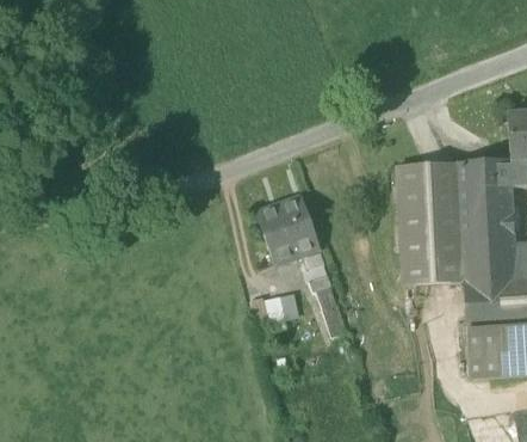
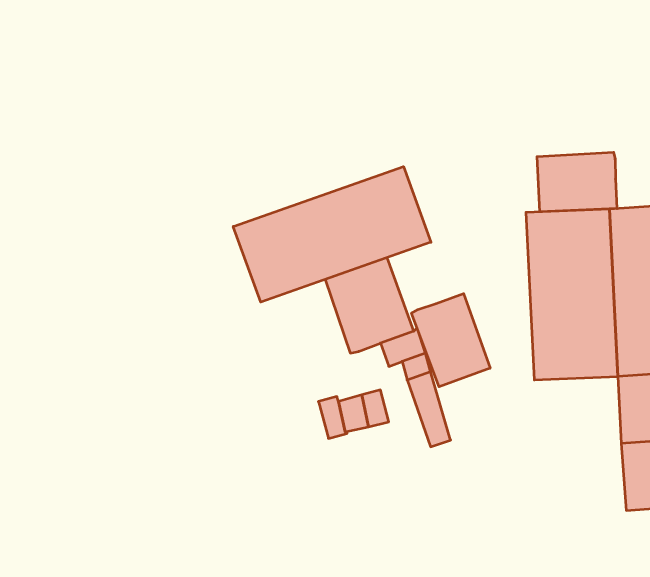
building: none -> [537,152,617,212]
building: none -> [233,167,431,302]
building: none -> [412,294,490,387]

